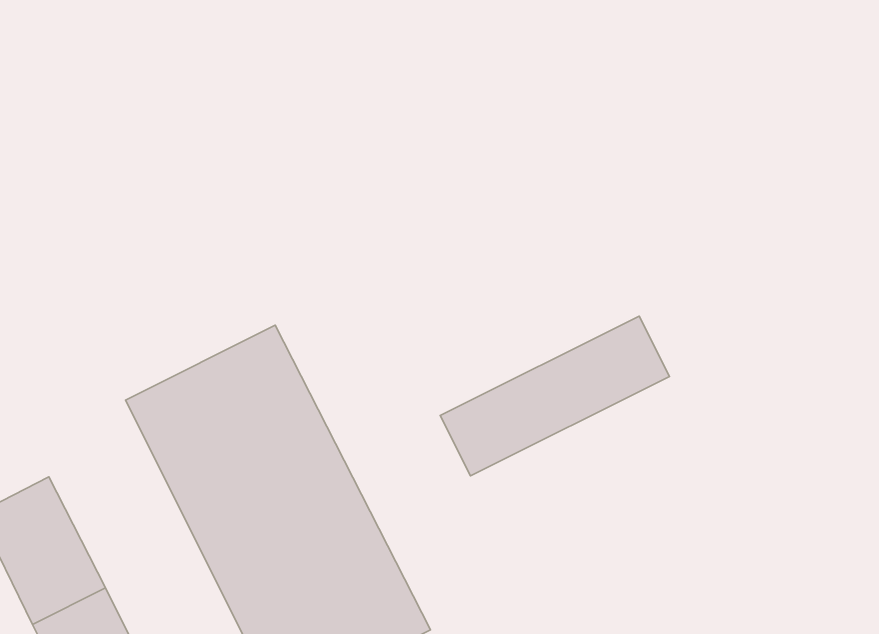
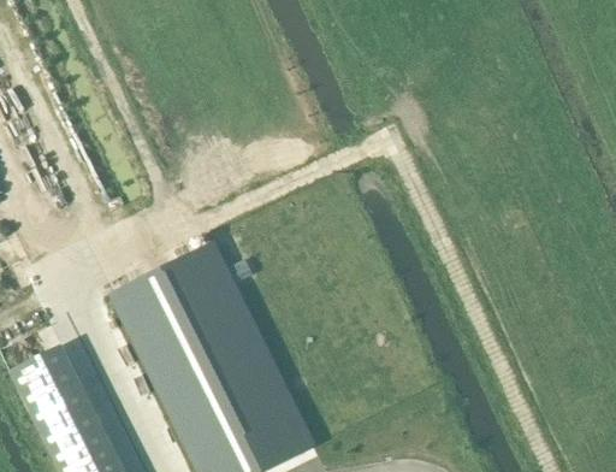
building: [440,316,669,476] -> none

